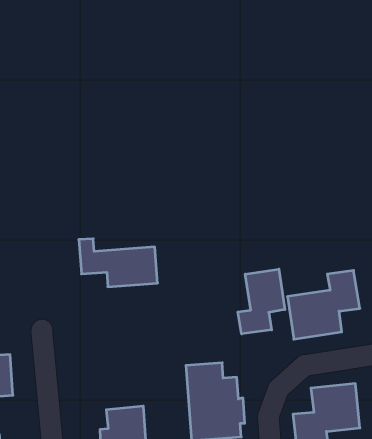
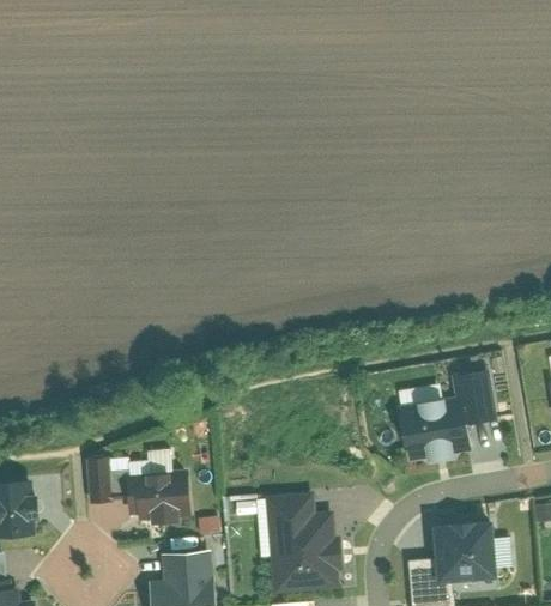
building: [79,239,158,287] -> [89,457,193,521]
building: [238,269,285,334] -> none

